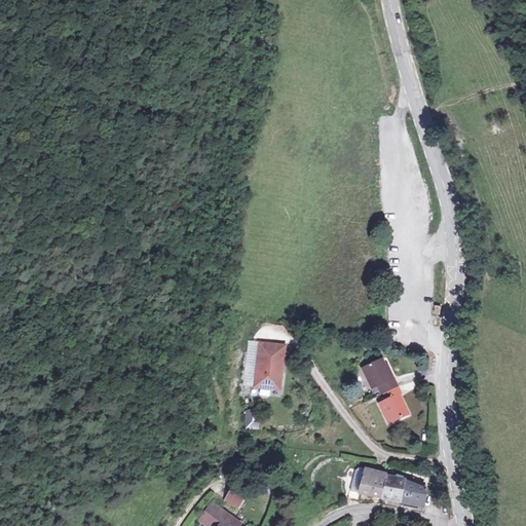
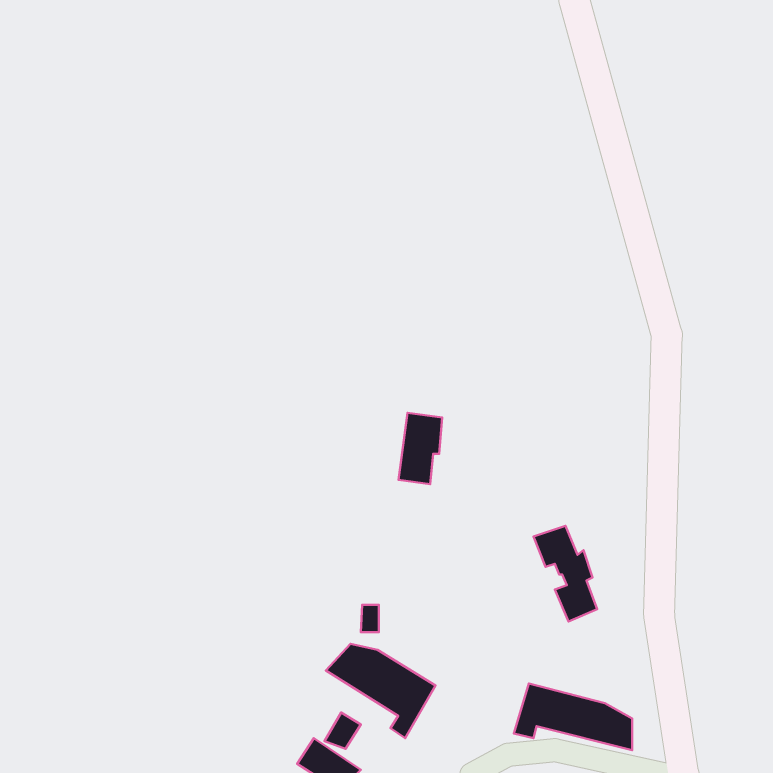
building: [253,343,283,391] -> [398,413,442,484]
building: none -> [326,644,435,738]

